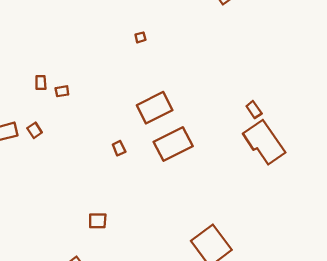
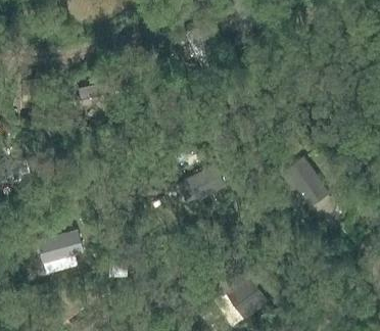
building: [137,92,172,123] -> none
building: none -> [36,230,83,264]

